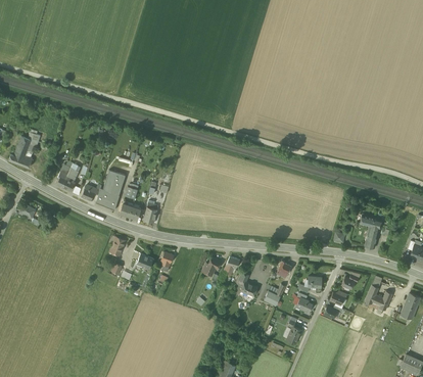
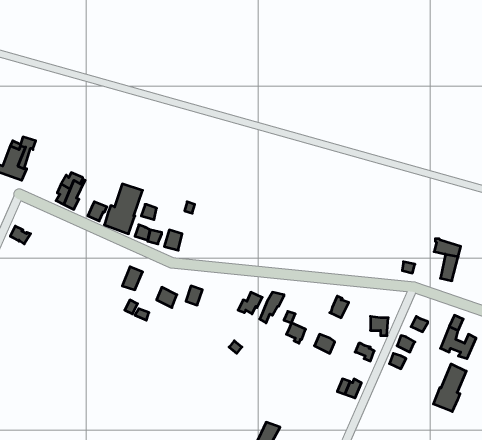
building: none -> [433,364,466,412]

